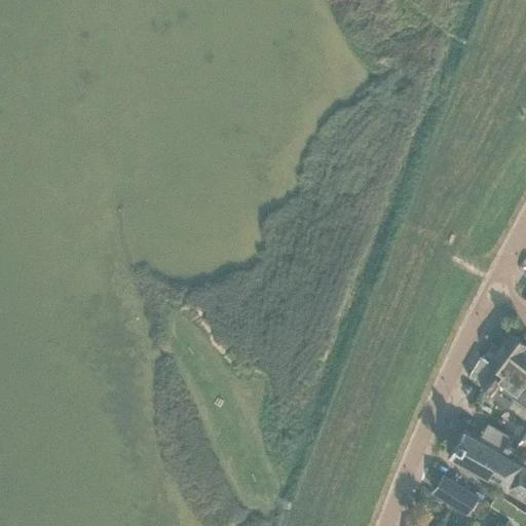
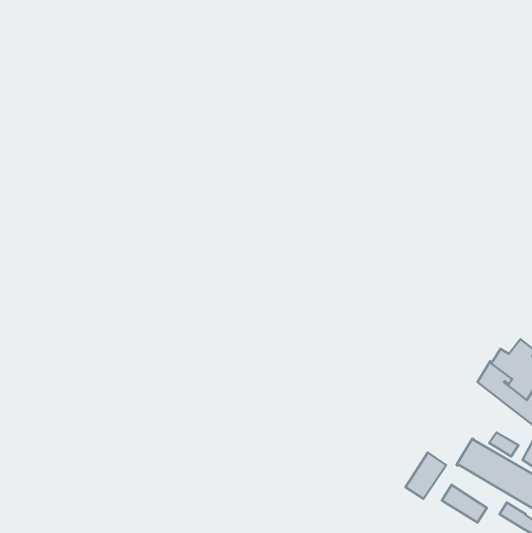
building: none -> [406,453,446,499]

